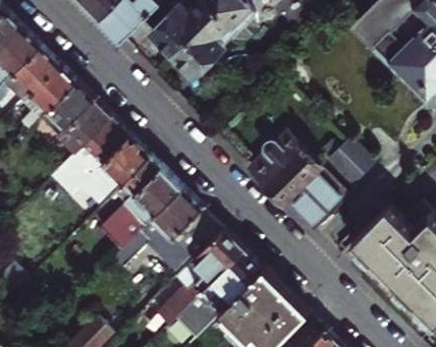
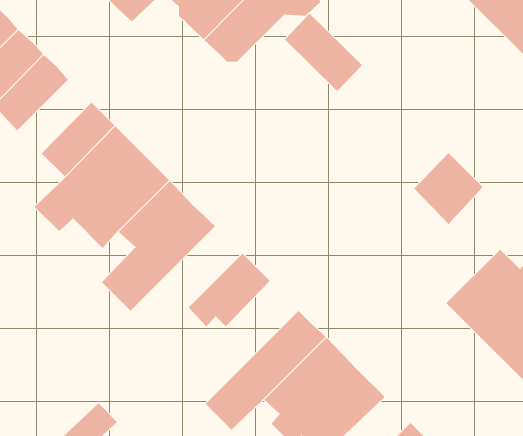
building: none -> [284,13,363,92]
building: [38,83,92,137] -> none
building: [251,134,346,232] -> none
building: [113,190,202,269] -> none
building: [157,230,242,326] -> none

